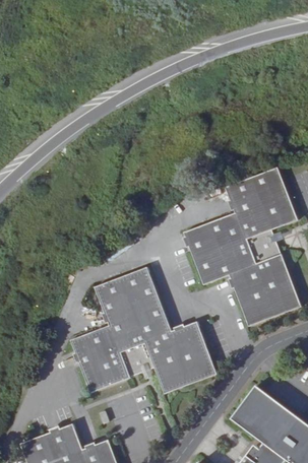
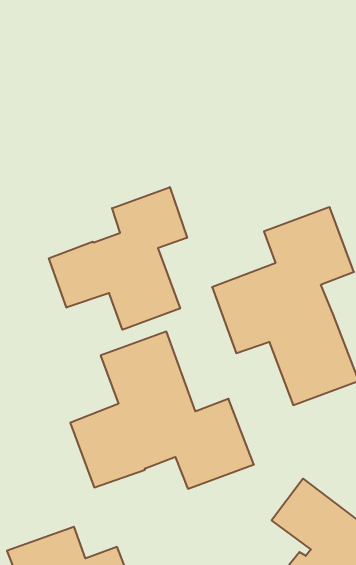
building: none -> [49,187,187,330]

